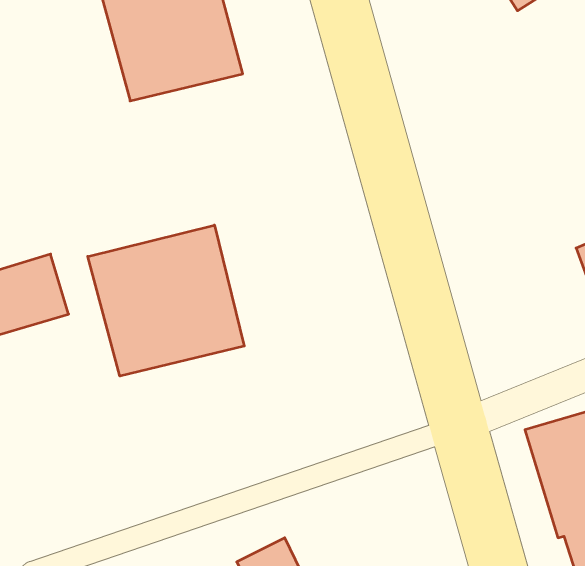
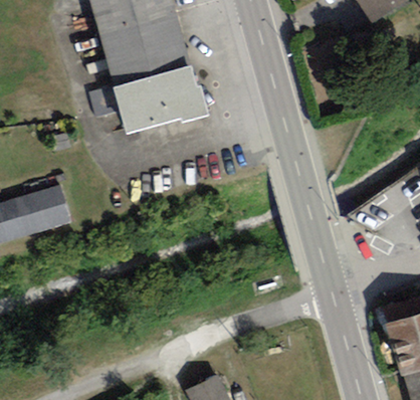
building: none -> [113,63,207,131]
building: [88,225,244,376] -> none

